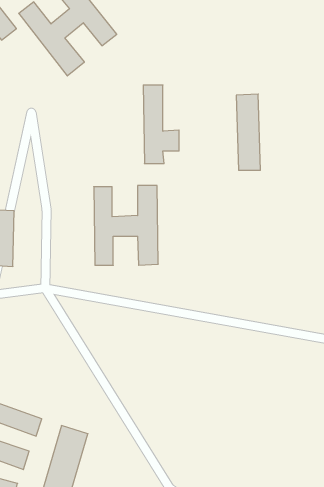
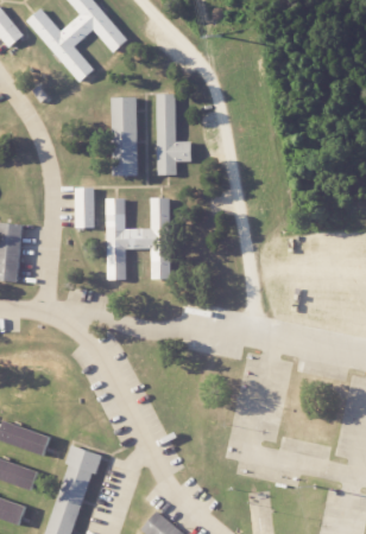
building: [236,94,260,170] -> [114,96,139,174]
building: none -> [74,186,94,228]

